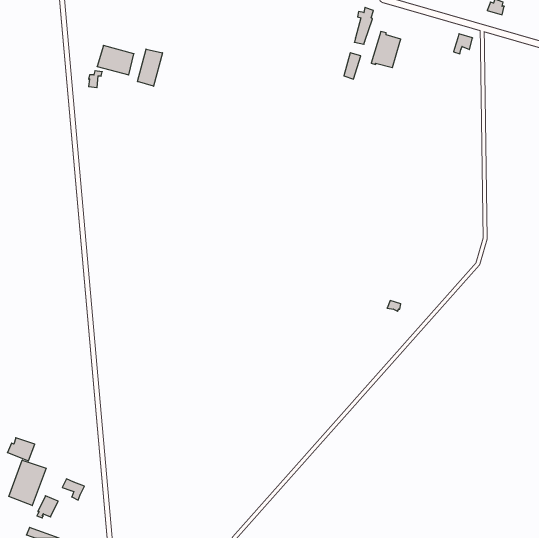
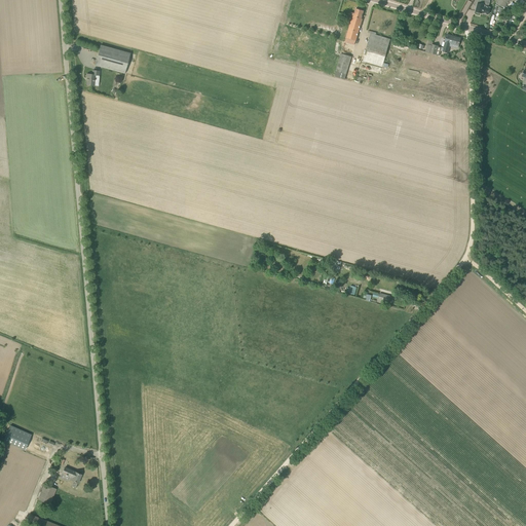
building: [138,49,162,86] -> none
building: [9,460,46,506] -> none

